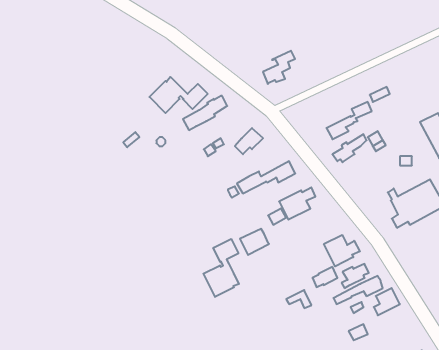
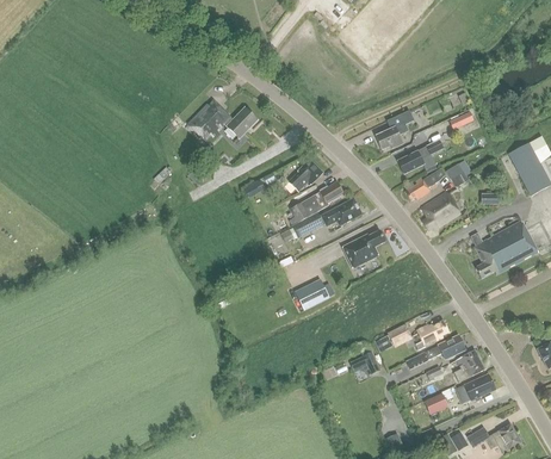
building: [263,51,295,84] -> [376,108,414,148]
building: [183,96,227,130] -> [290,180,342,221]
building: none -> [421,190,459,228]
building: [324,235,360,266] -> none
building: [203,239,239,297] -> none
building: none -> [456,372,495,402]

